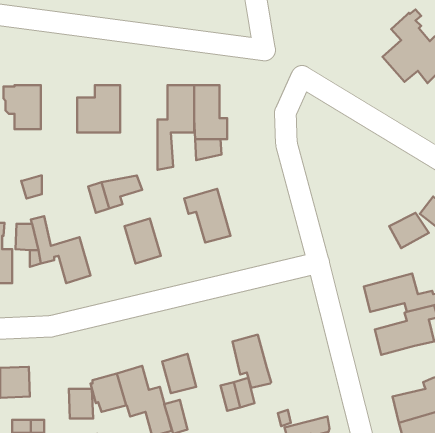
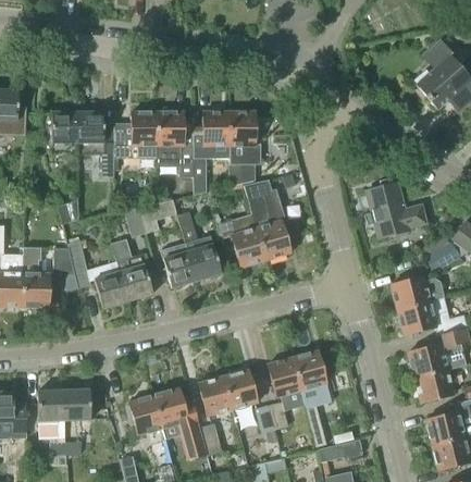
building: none -> [157,109,194,177]
building: none -> [78,111,114,177]
building: none -> [245,178,290,260]
building: none -> [365,183,425,237]
building: none -> [178,211,222,280]
building: none -> [111,238,153,299]
building: none -> [391,273,445,310]
building: none -> [293,351,331,421]
building: none -> [414,369,454,403]
building: none -> [223,370,256,421]
building: [69,389,93,419] -> [66,390,90,419]

